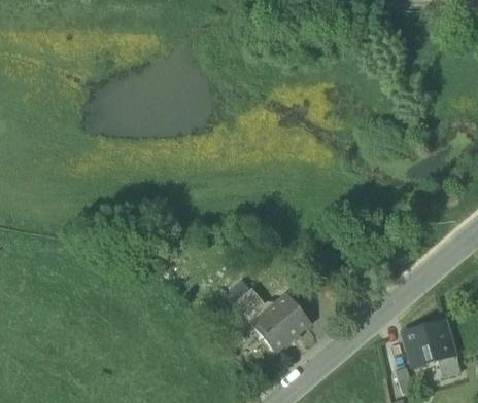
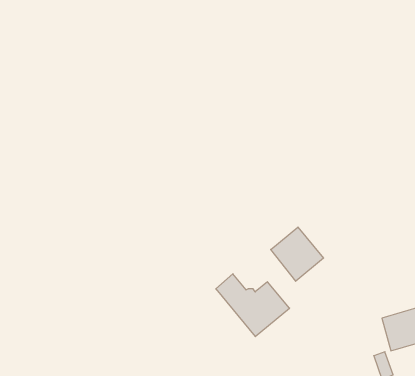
building: none -> [271,227,324,281]

